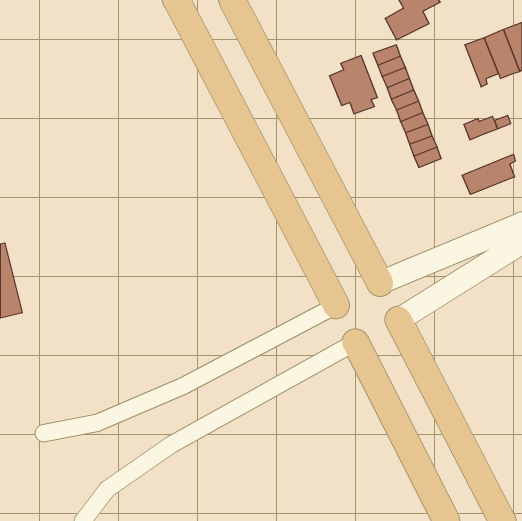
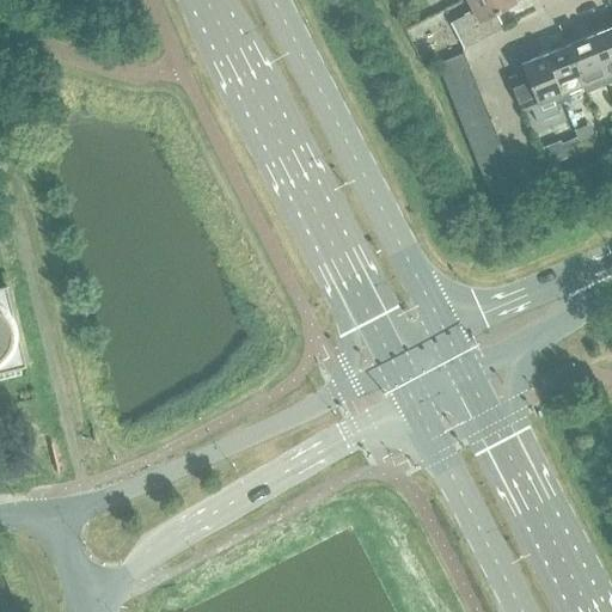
building: [329,55,377,114] -> [507,53,563,121]
building: [462,154,515,194] -> none

